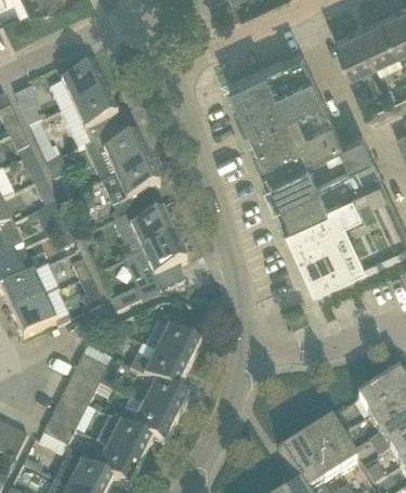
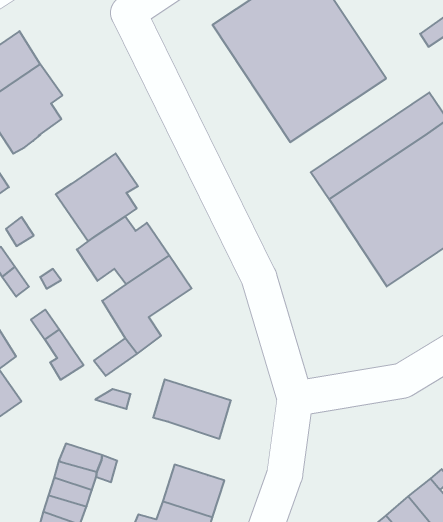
building: [93,130,148,179] -> none
building: [270,131,370,196] -> none
building: [130,352,189,393] -> none

